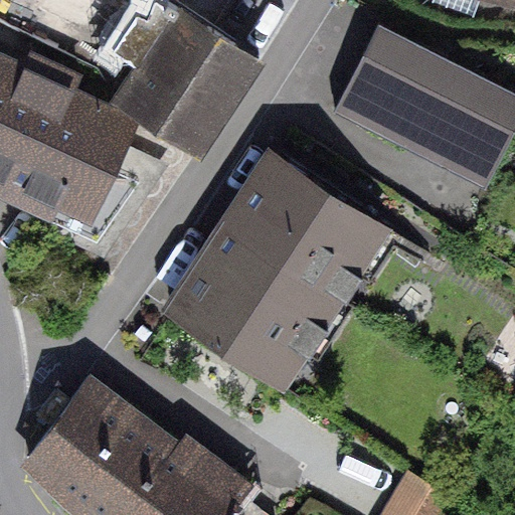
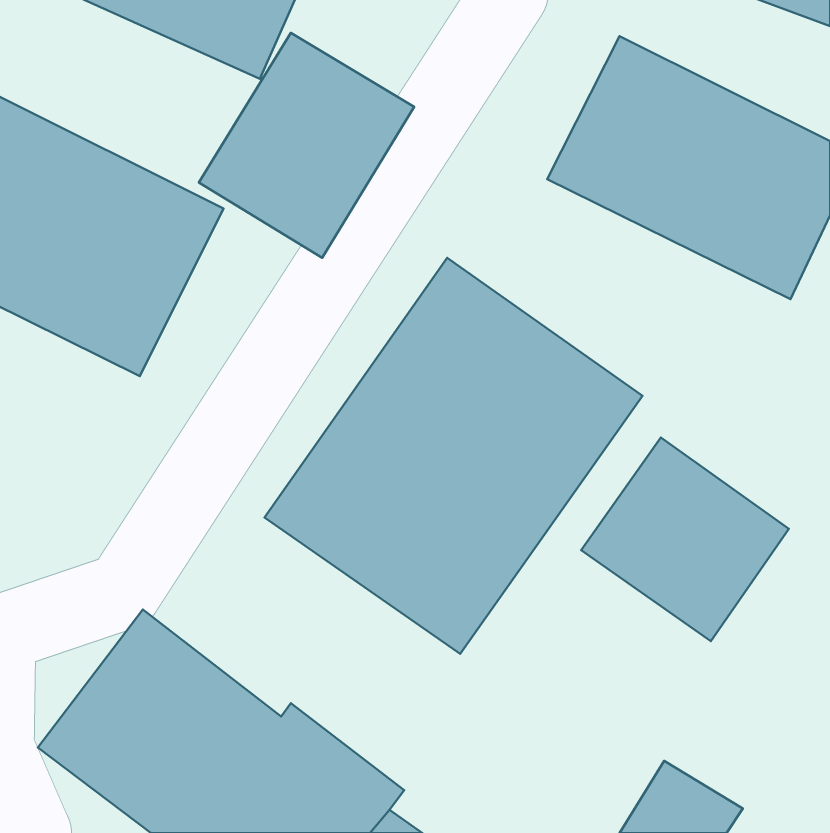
building: none -> [581,437,789,641]

